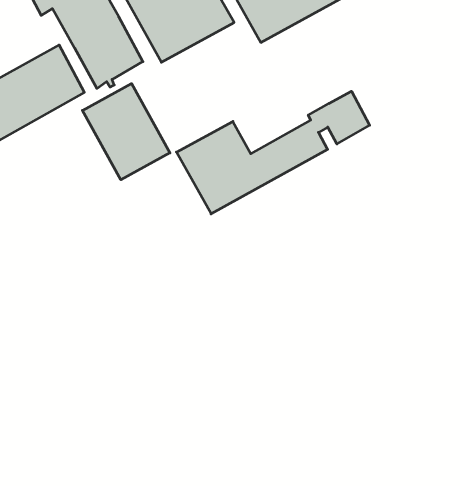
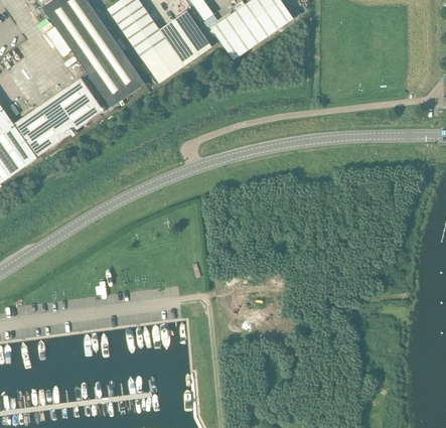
building: [82,84,170,180] -> none
building: [176,91,370,214] -> none

